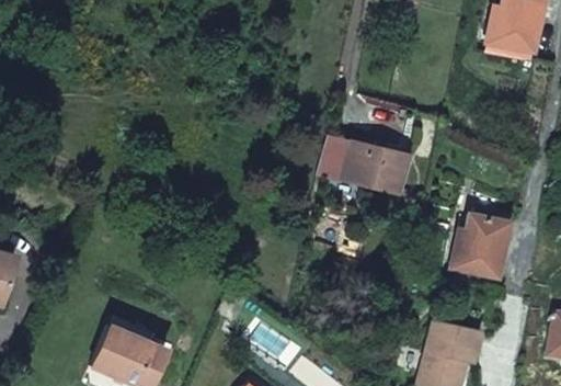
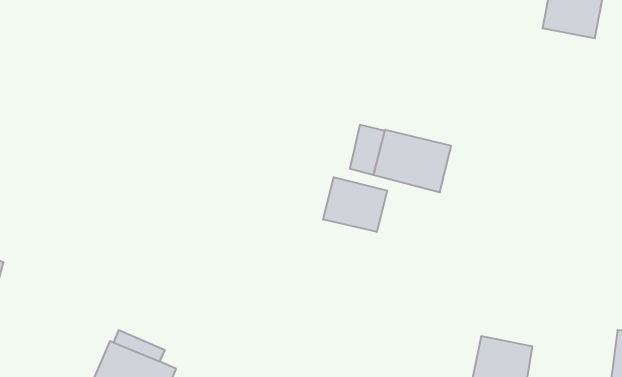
building: none -> [323,177,387,232]
building: [451,214,508,277] -> none

